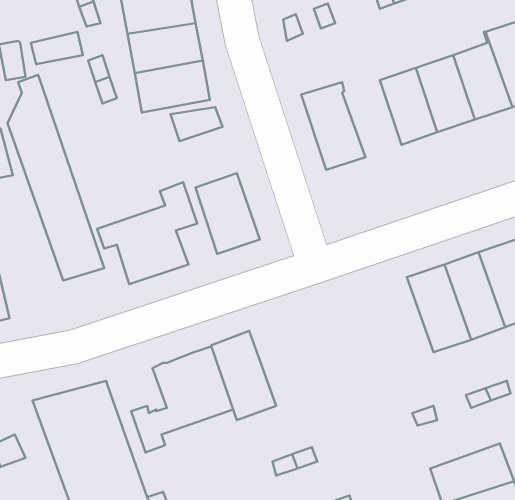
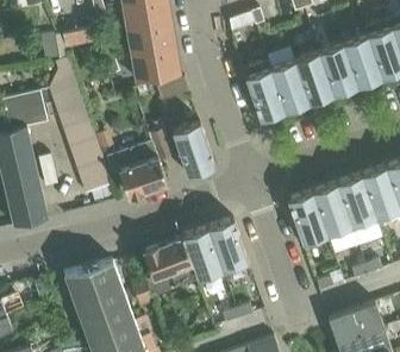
building: none -> [269,59,308,111]
building: none -> [287,190,330,249]
building: none -> [207,218,250,276]

